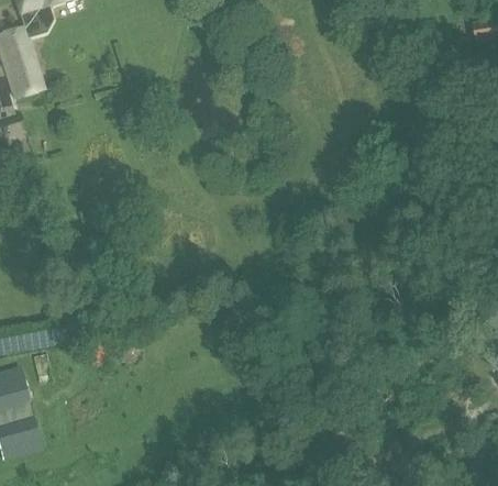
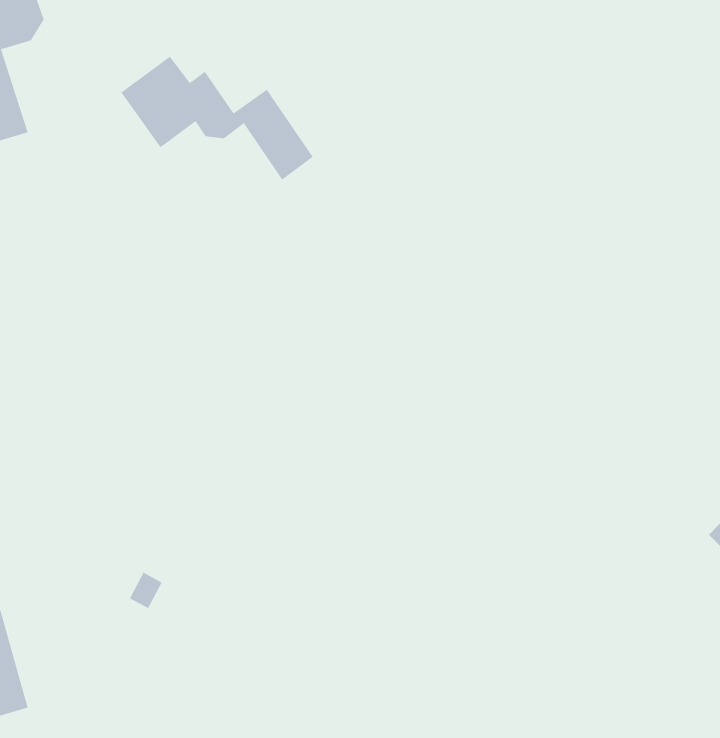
building: none -> [120,56,314,181]

